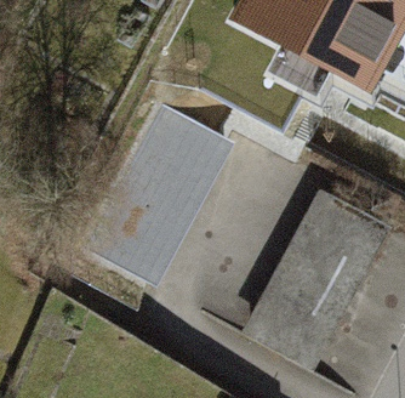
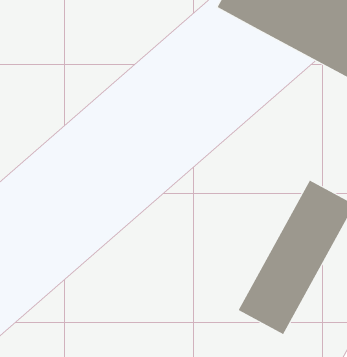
building: [109,125,229,285] -> none

